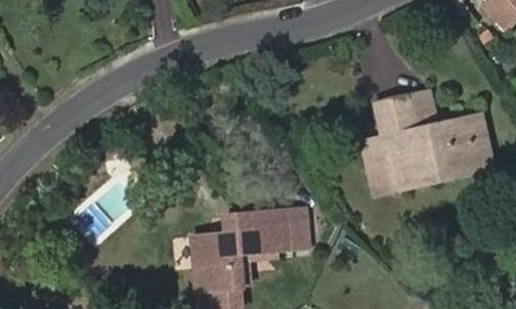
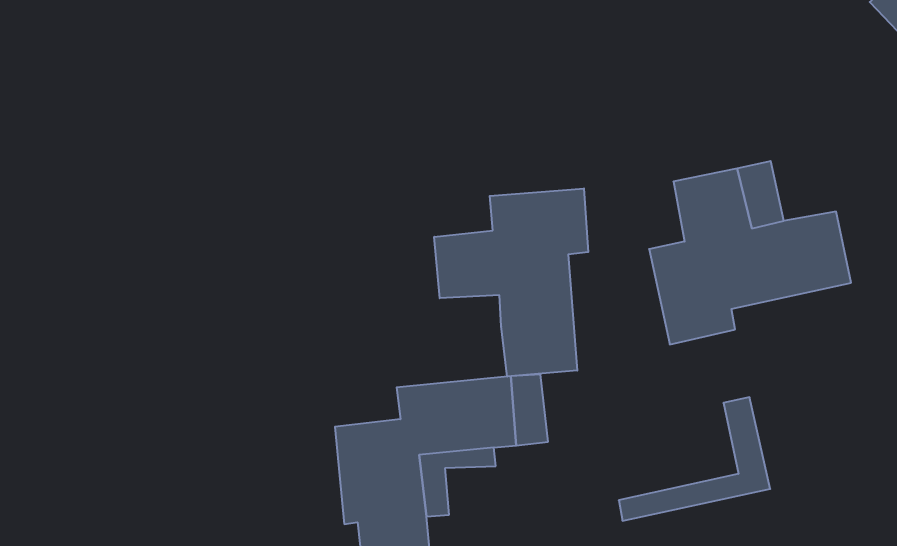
building: none -> [434,188,588,377]
building: [407,116,490,183] -> [619,397,770,521]

